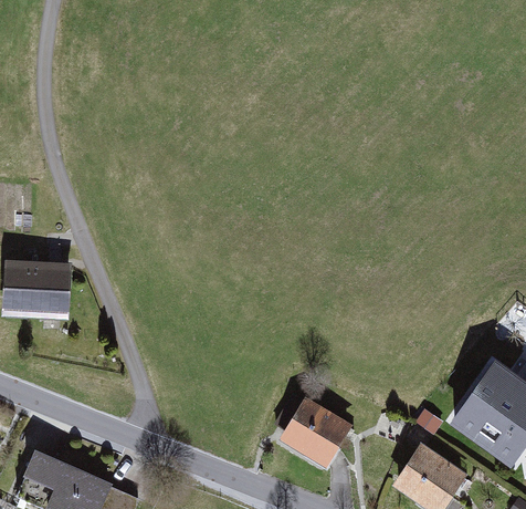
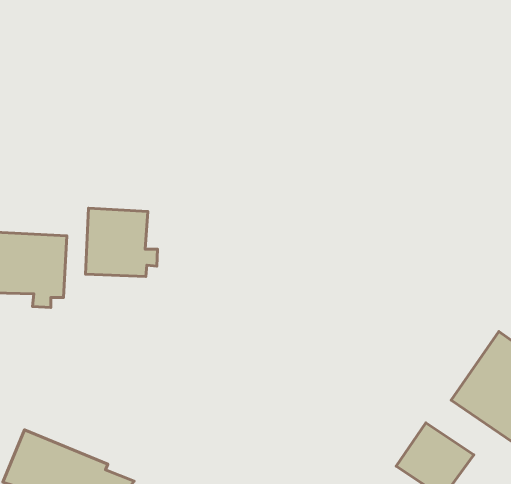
building: none -> [85,208,157,277]
building: [282,398,351,468] -> none

